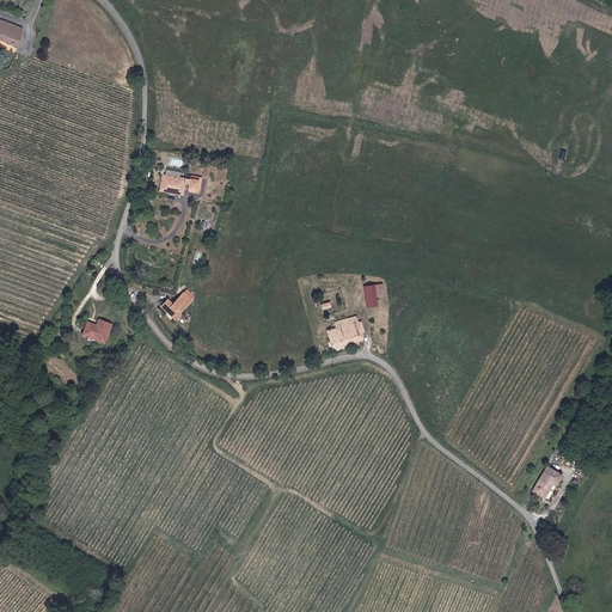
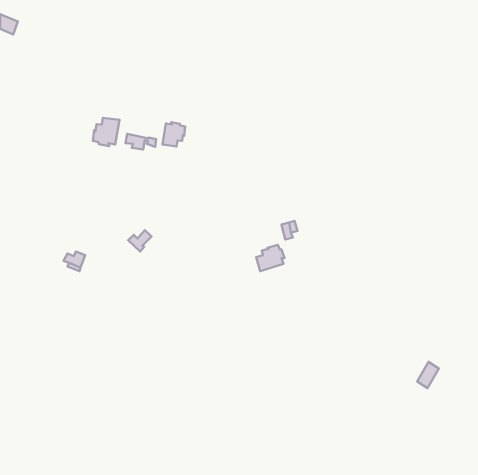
building: none -> [93,118,120,146]
building: none -> [162,122,185,146]

